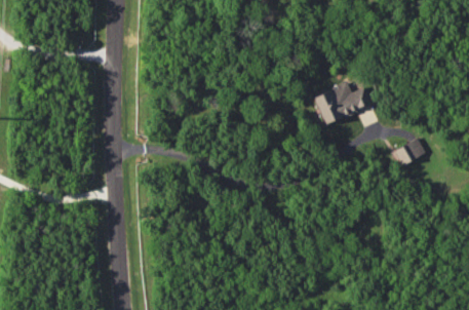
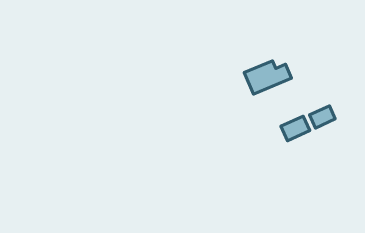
building: none -> [281,116,310,141]

